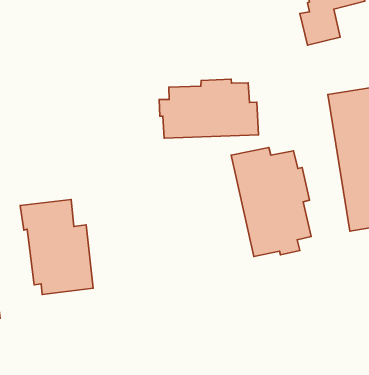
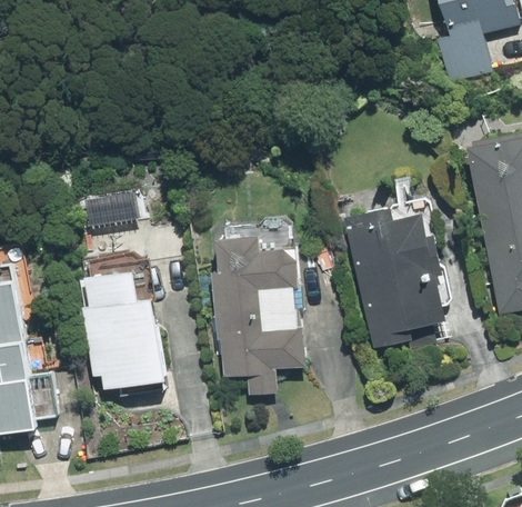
building: [159,79,259,138] -> none
building: none -> [212,239,305,394]

